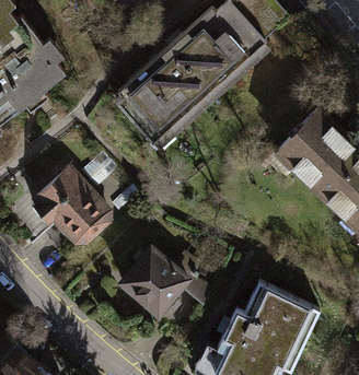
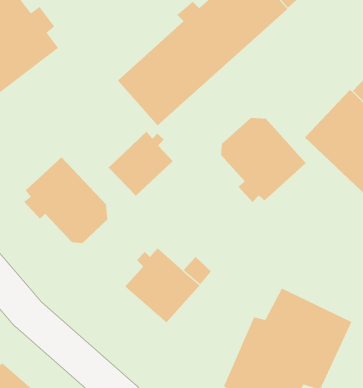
building: none -> [221,117,306,203]
building: none -> [108,131,173,197]

